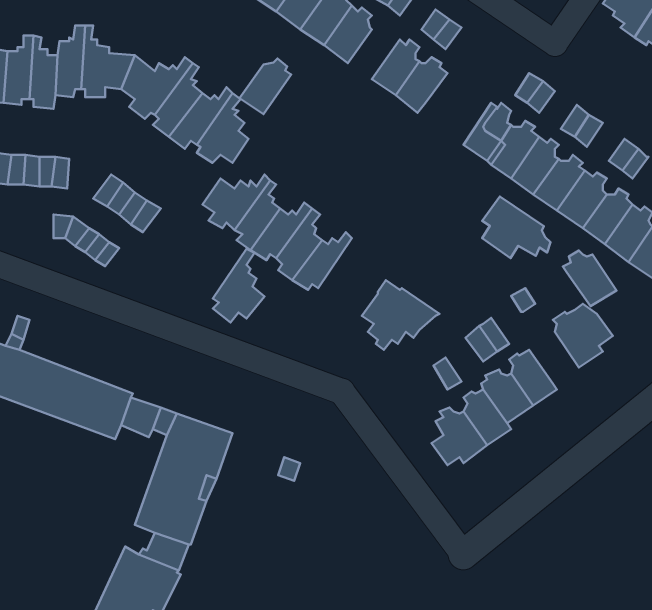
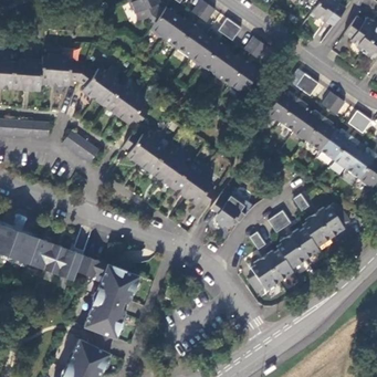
building: [240,59,291,114] -> [202,46,231,77]
building: [482,196,550,258] -> none
building: [213,249,265,322] -> [186,166,214,207]
building: [563,251,617,306] -> [301,216,331,247]

